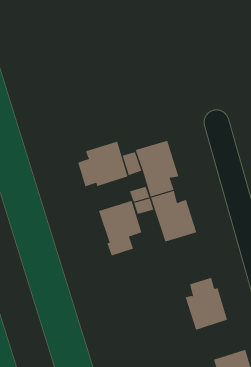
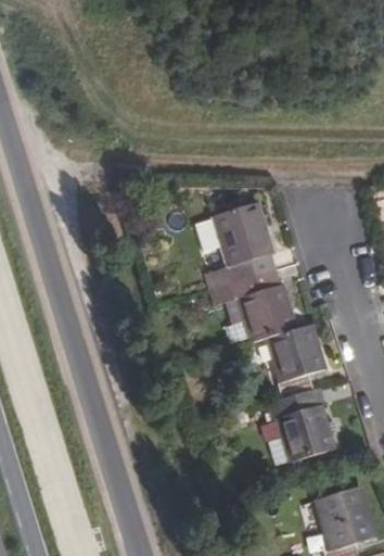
building: [77,141,128,187] -> none
building: [98,200,142,256] -> [267,323,325,397]

